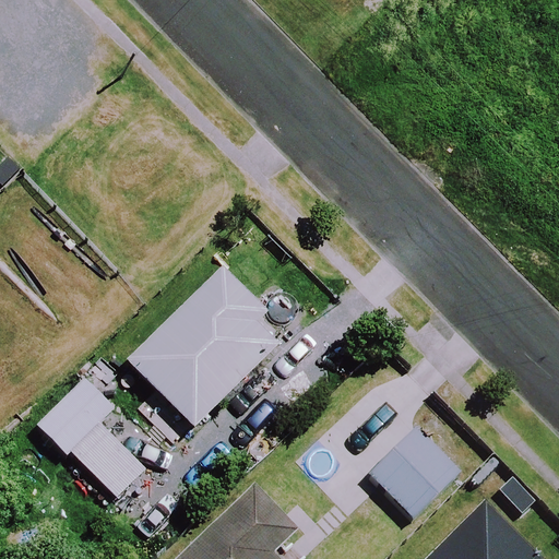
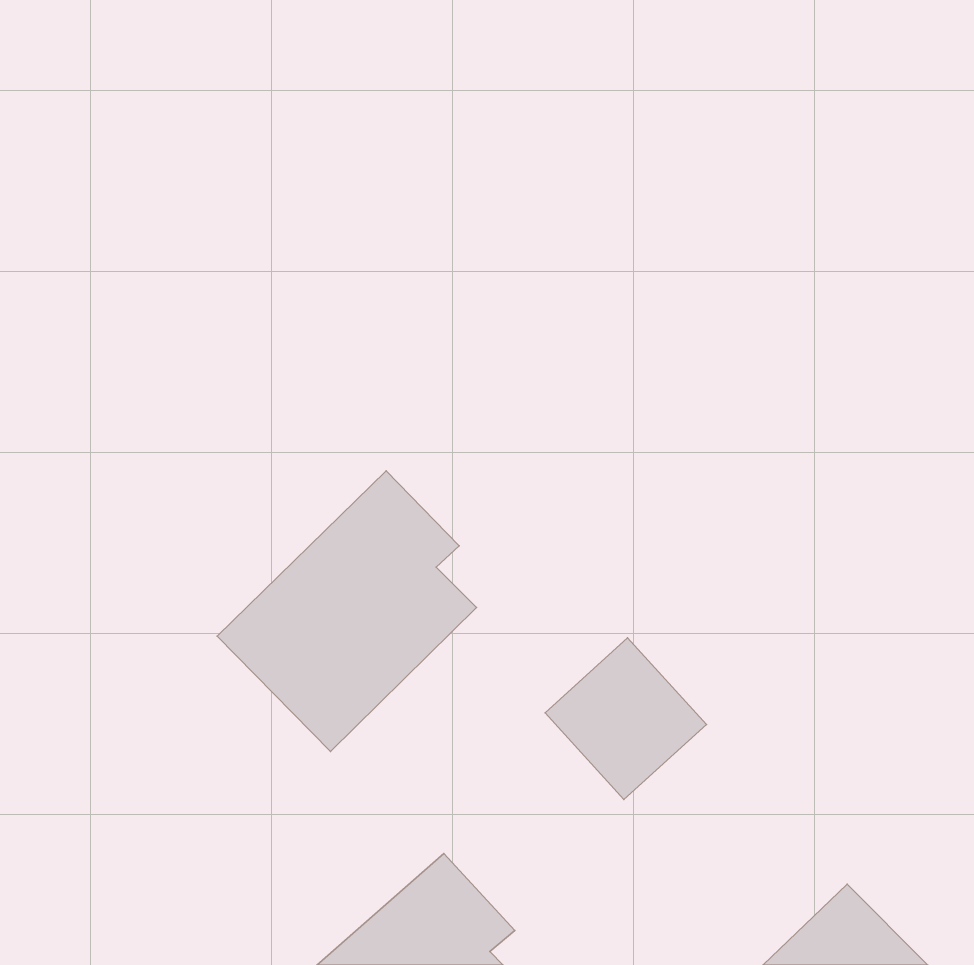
building: [37,379,144,496] -> none
building: [371,426,463,518] -> [545,638,706,799]

